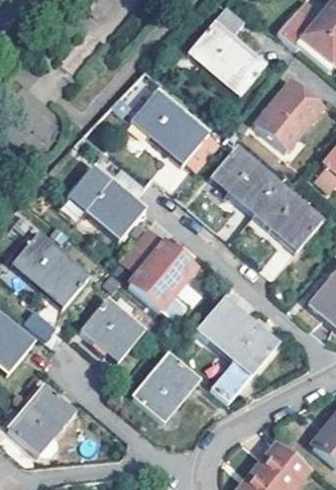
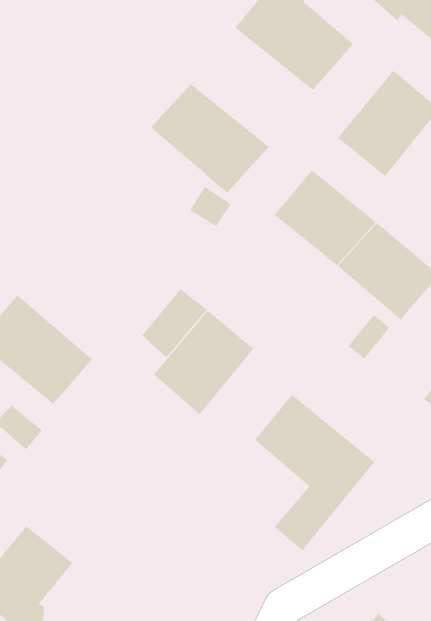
building: [68,164,144,237] -> none
building: [81,300,143,360] -> none
building: [133,352,202,422] -> none

